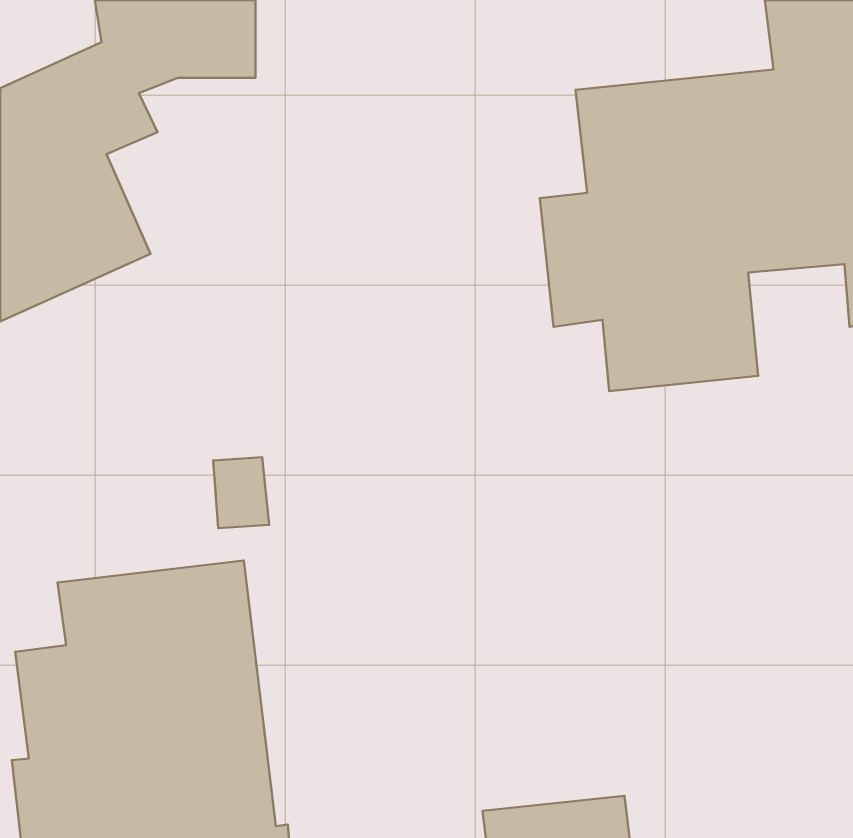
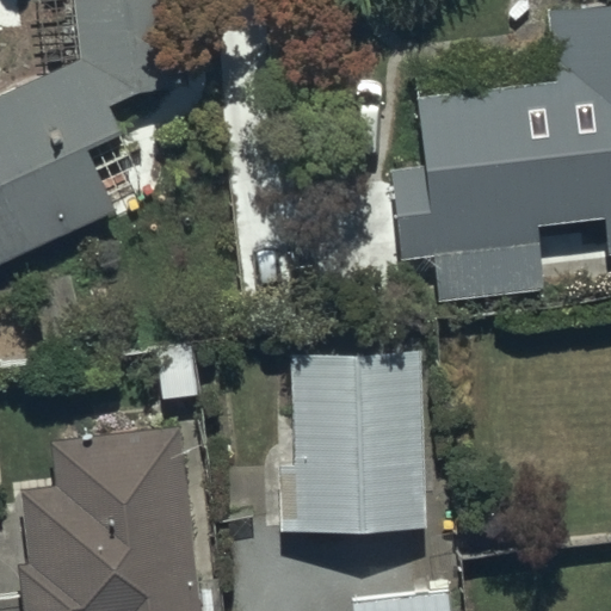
building: none -> [279,338,427,524]

